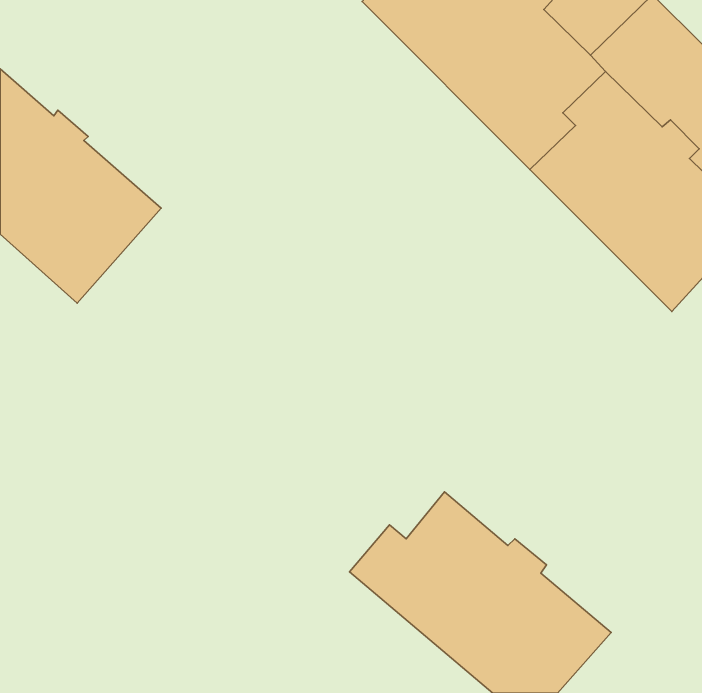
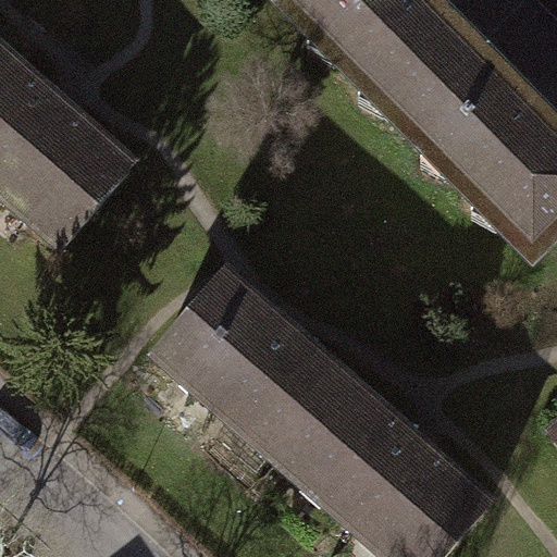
building: none -> [154,273,352,451]

